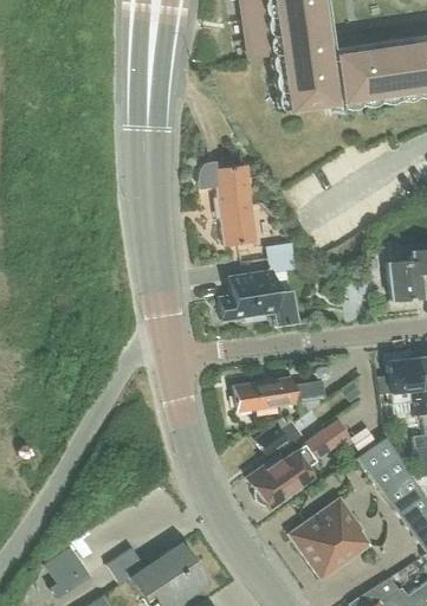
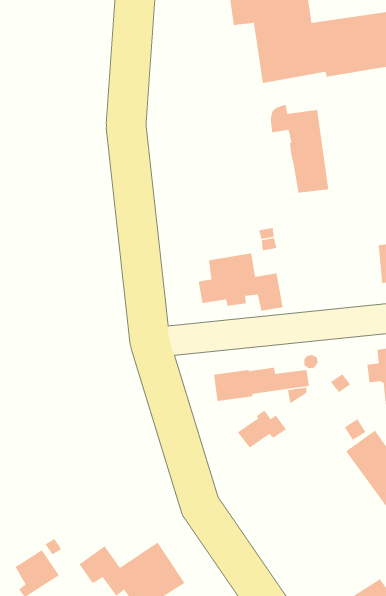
building: [200,161,255,245] -> [270,104,329,193]
building: [247,430,337,507] -> none
building: [290,498,369,579] -> none

